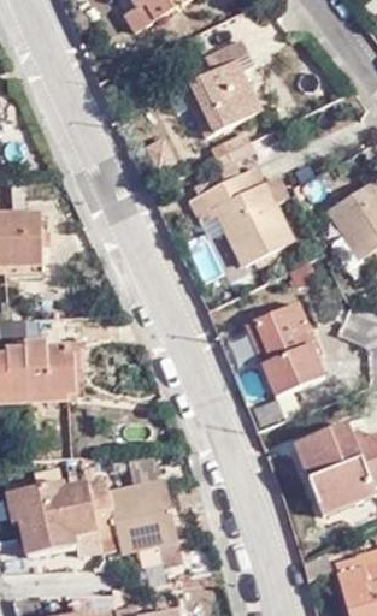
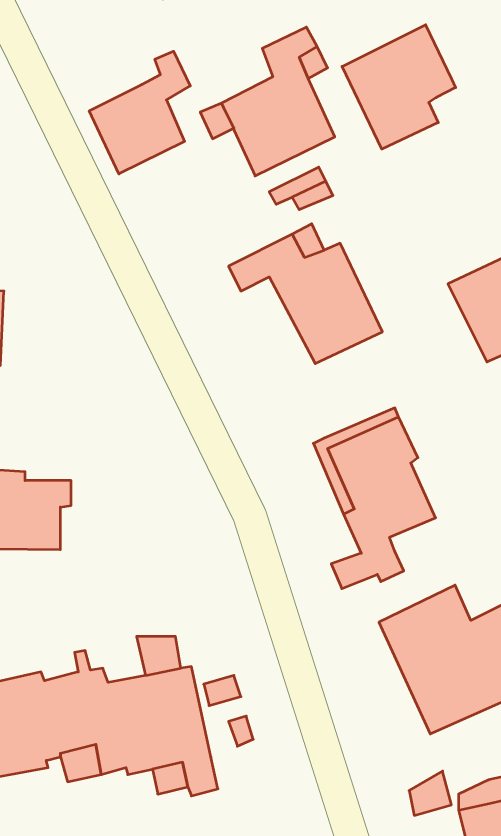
building: none -> [342,25,456,149]
building: none -> [89,51,190,174]

